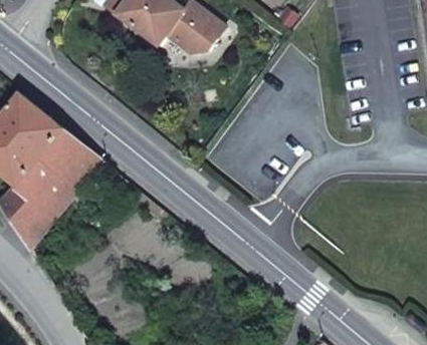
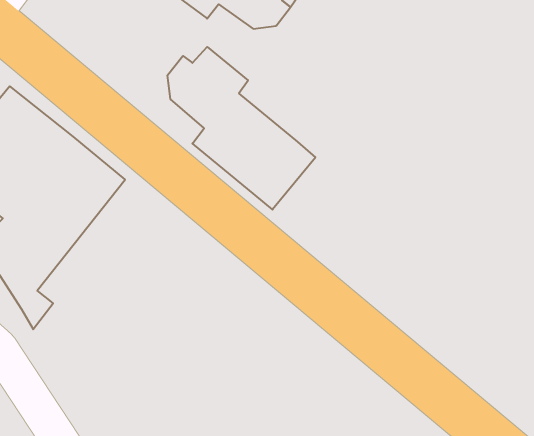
building: none -> [168,47,315,210]

